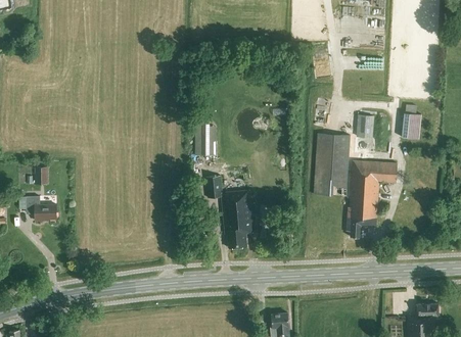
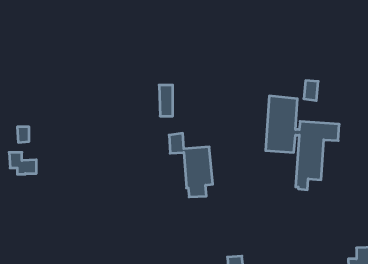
building: [402,113,421,139] -> none

